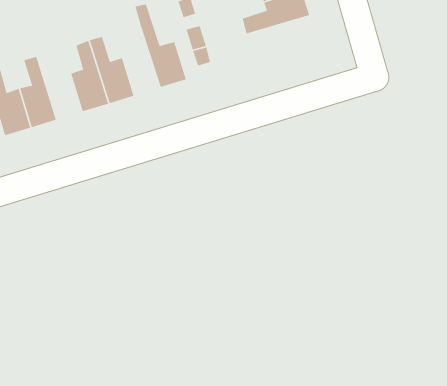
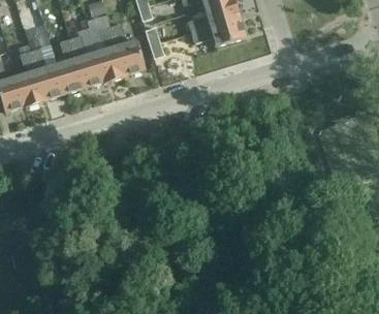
building: none -> [191,19,246,45]
building: none -> [96,26,125,81]
building: none -> [29,34,65,99]

